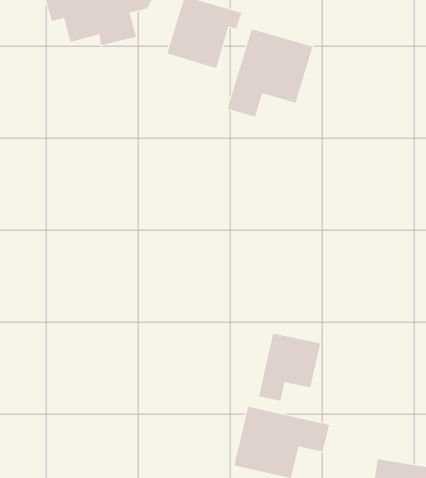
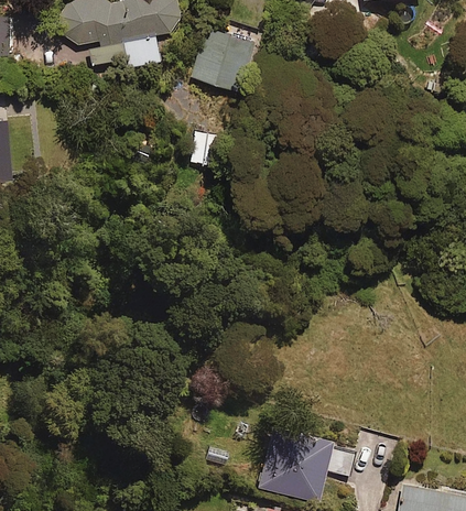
building: [227,29,313,118] -> none
building: [258,333,321,402] -> none

